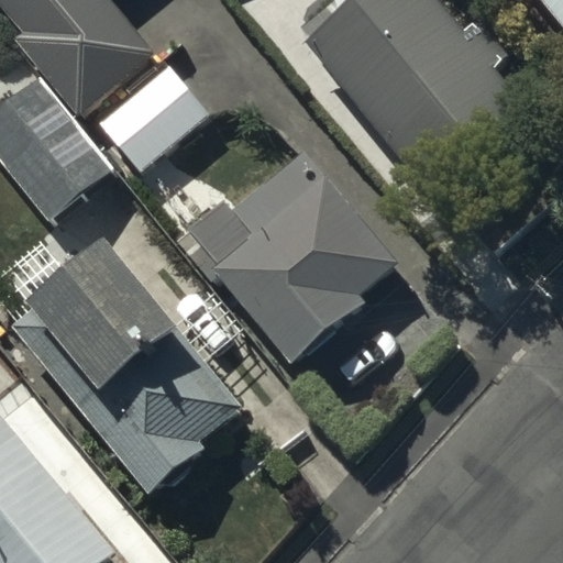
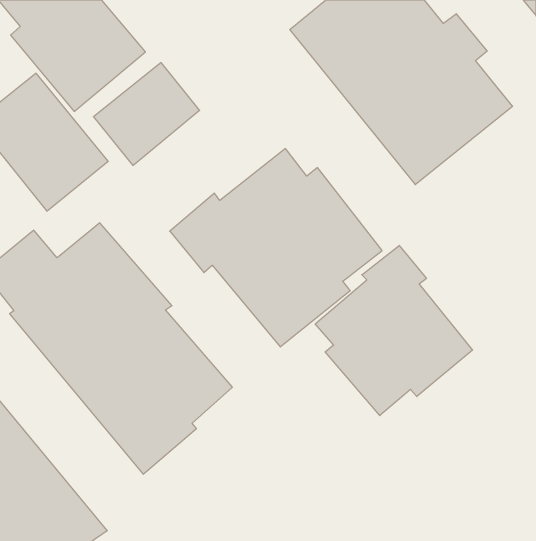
building: none -> [315,245,473,416]

